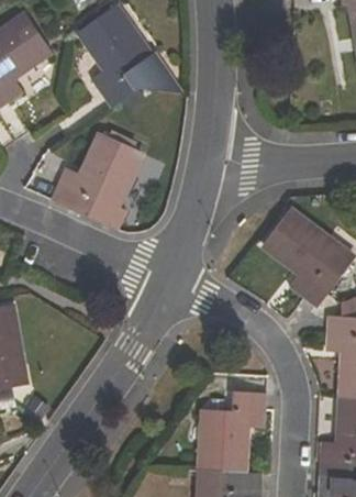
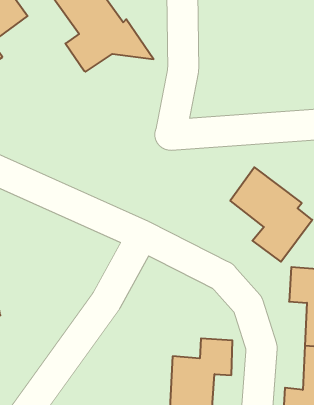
building: [52,132,142,223] -> none

